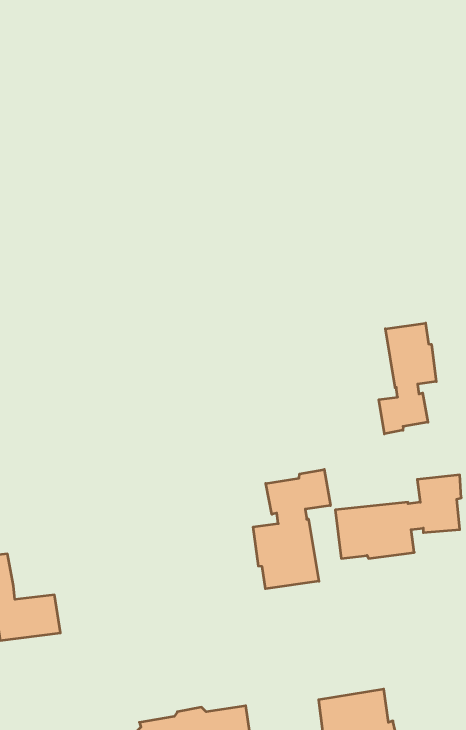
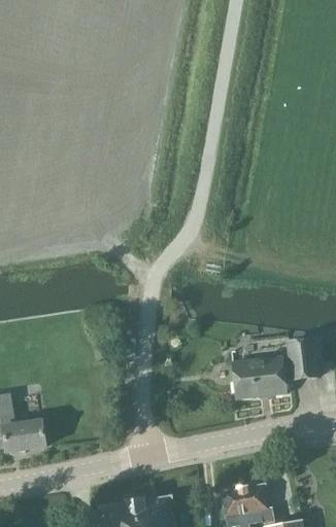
building: [379,323,436,434] -> none
building: [253,469,330,589] -> none

